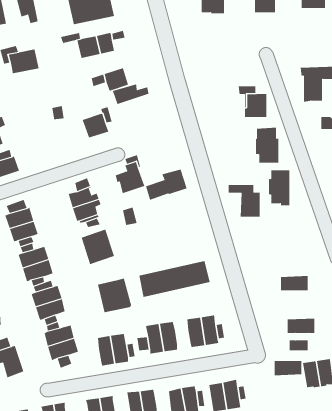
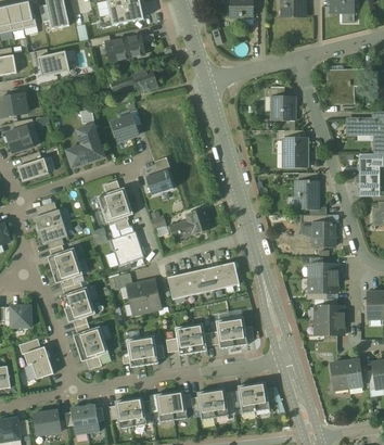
building: [112,84,149,105] -> none
building: none -> [65,125,104,168]
building: [145,169,188,200] -> [169,209,212,241]
building: [228,184,261,217] -> [300,215,333,247]
building: none -> [308,264,336,279]
building: [274,360,302,376] -> [315,306,343,321]

